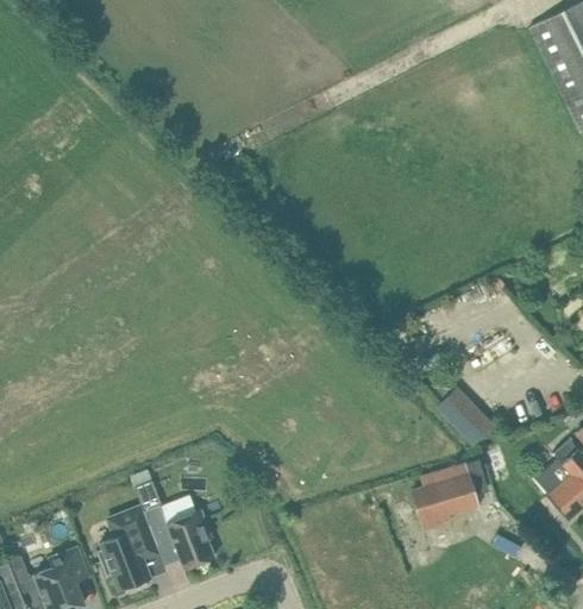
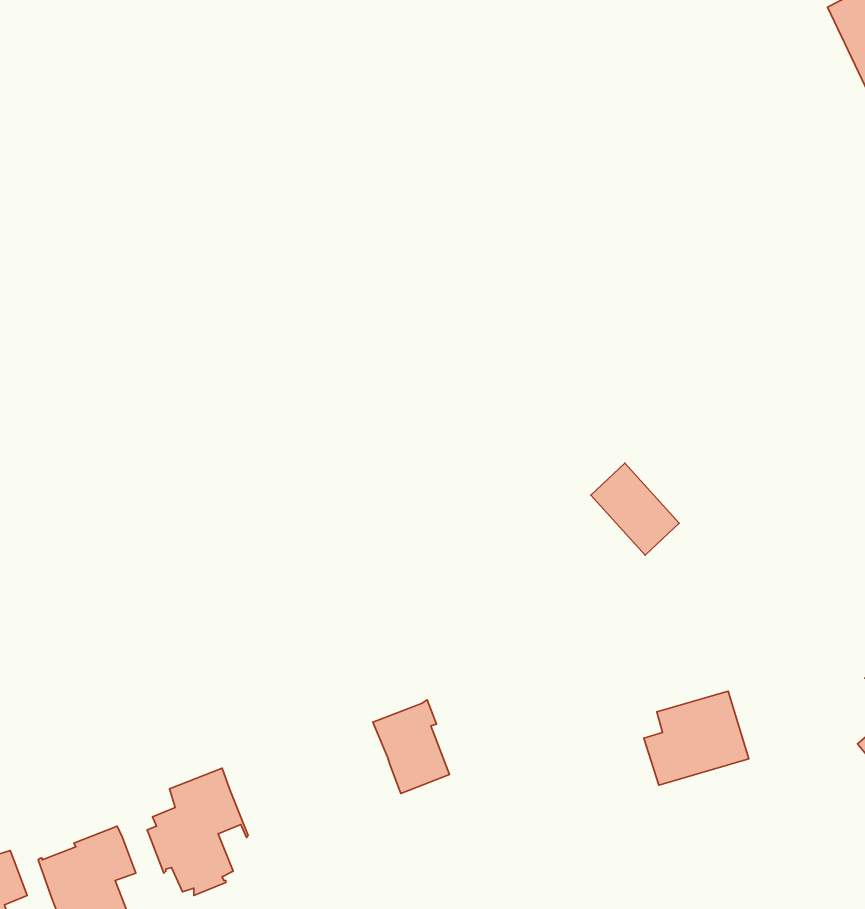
building: [439,383,495,441] -> [591,463,679,555]
building: [134,481,167,525] -> none
building: [167,510,215,570] -> [373,700,450,793]

